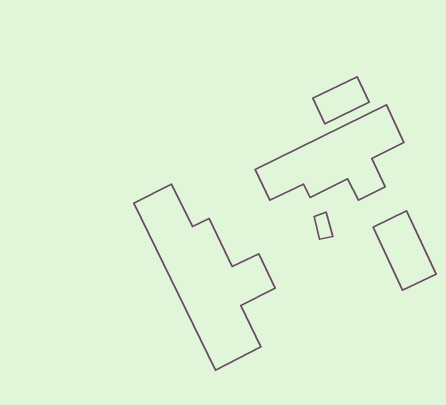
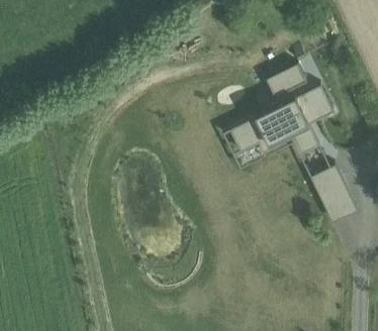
building: [134,184,275,370] -> none

